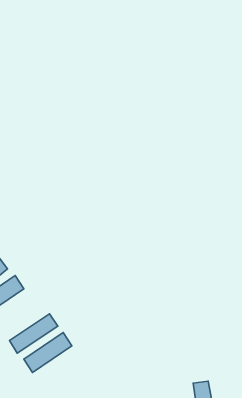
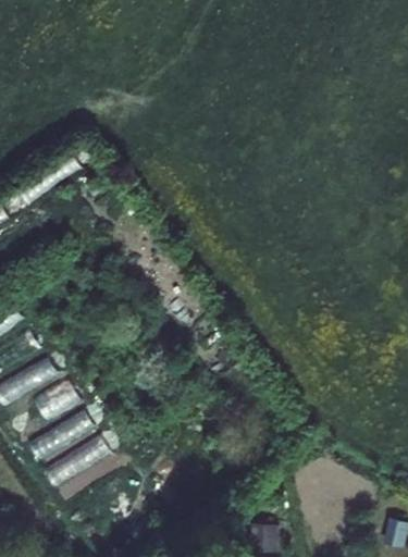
building: none -> [38,385,83,422]

